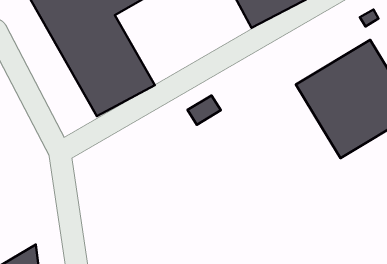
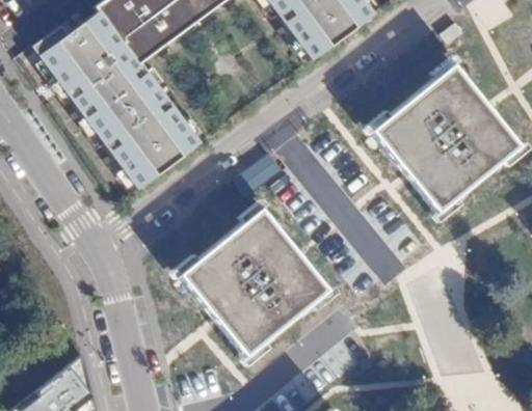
building: none -> [183,204,329,350]

